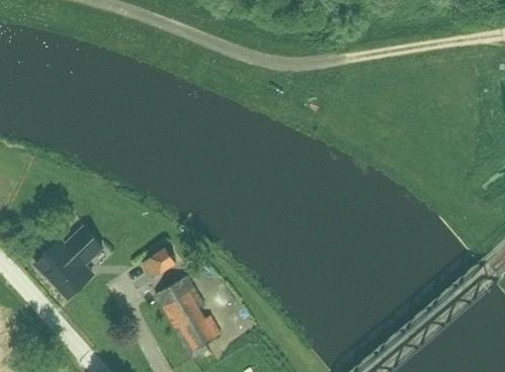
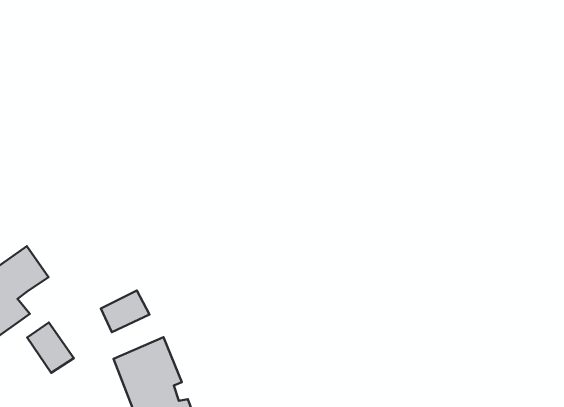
building: none -> [27,322,74,373]

